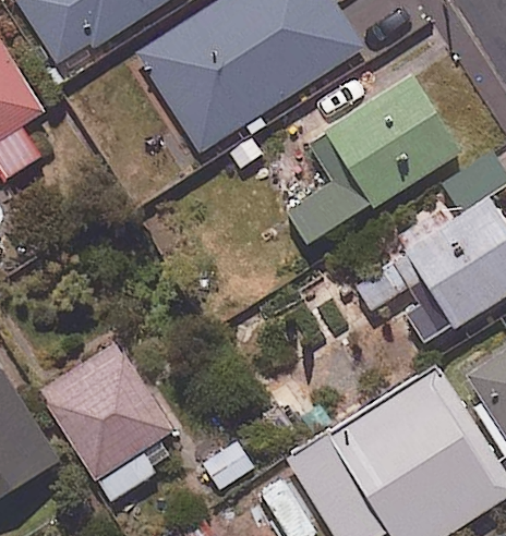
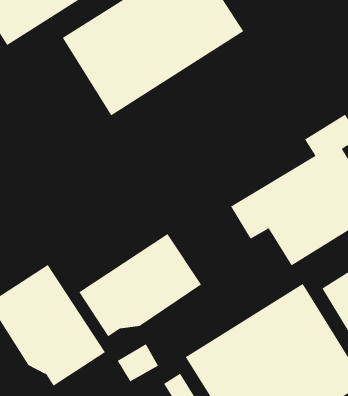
building: [288,71,460,247] -> none
building: none -> [78,233,202,337]

